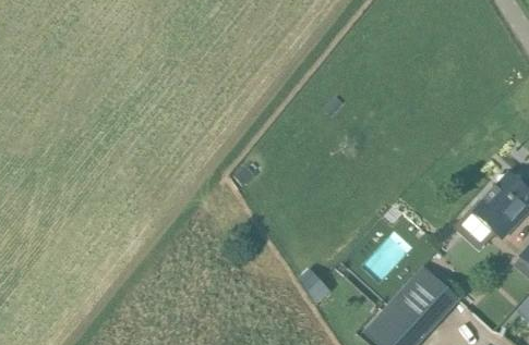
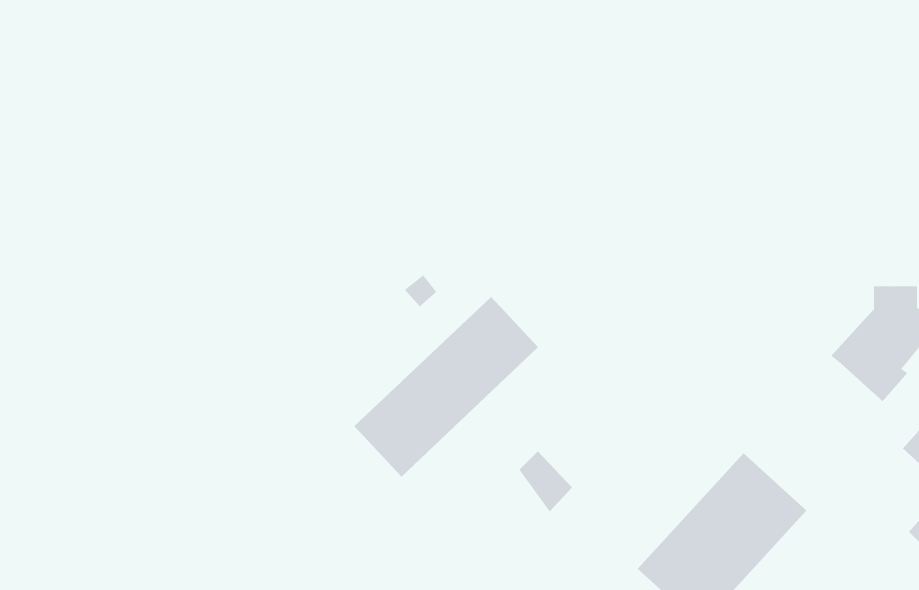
building: none -> [354,296,539,477]

